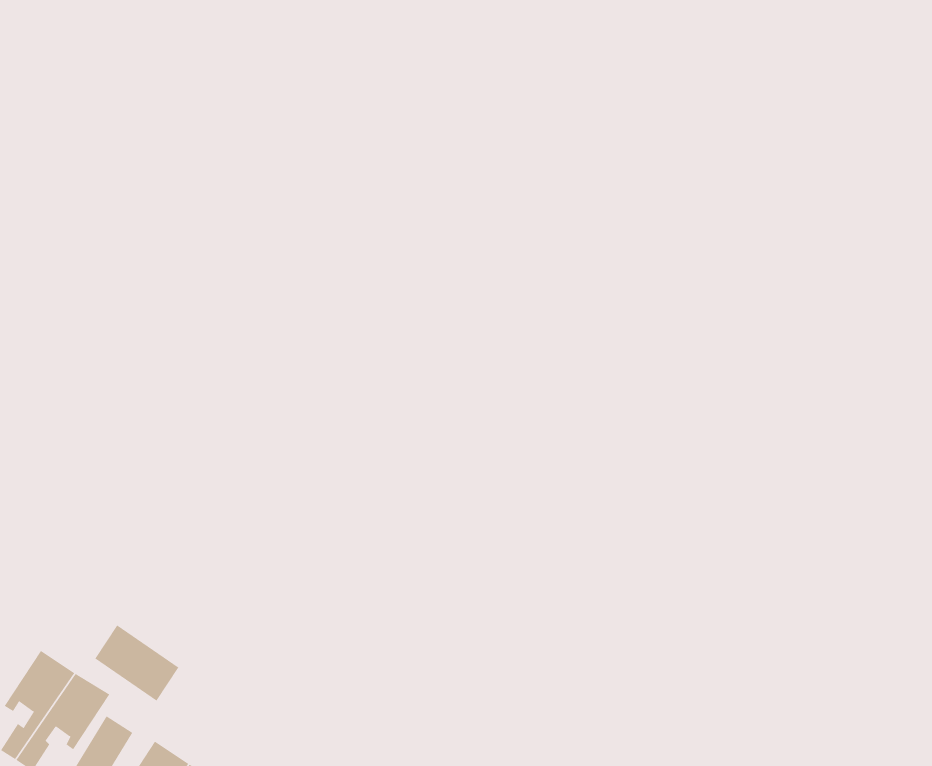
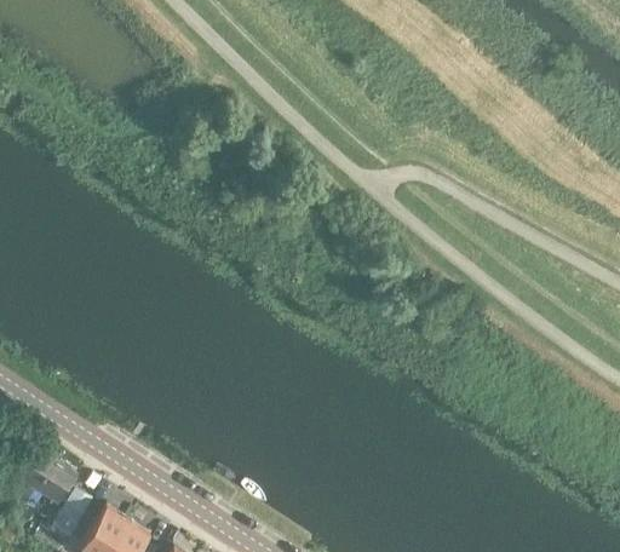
building: [94,624,179,701] -> none

